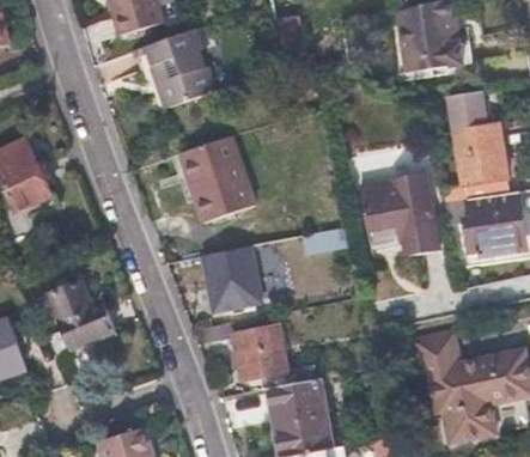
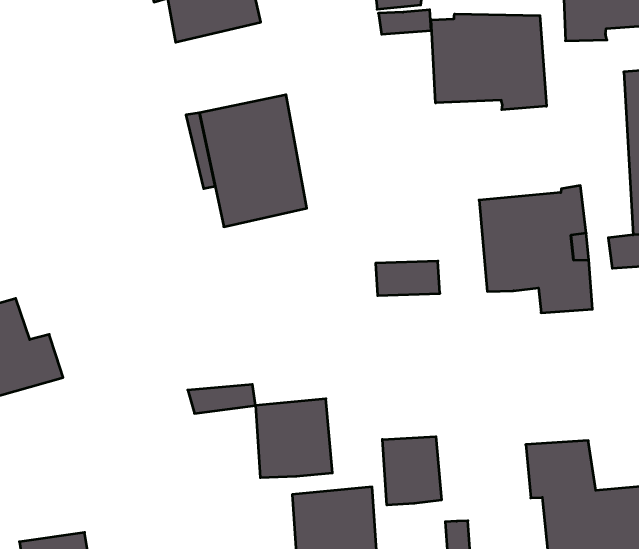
building: none -> [431,14,546,110]
building: [202,244,263,311] -> none
building: none -> [382,437,441,505]

